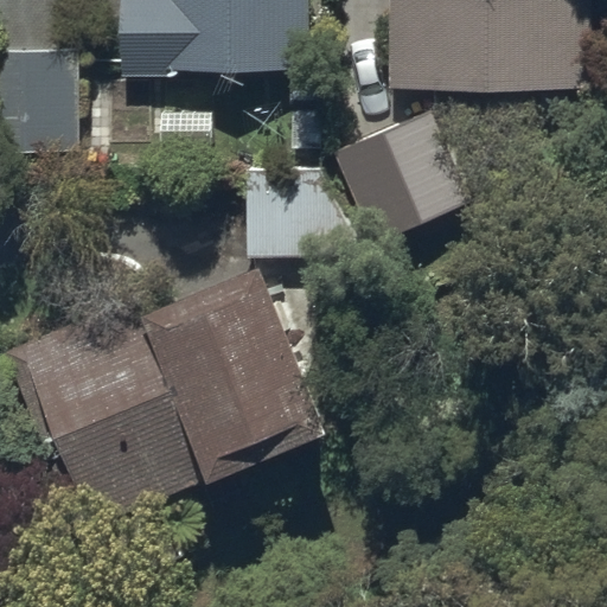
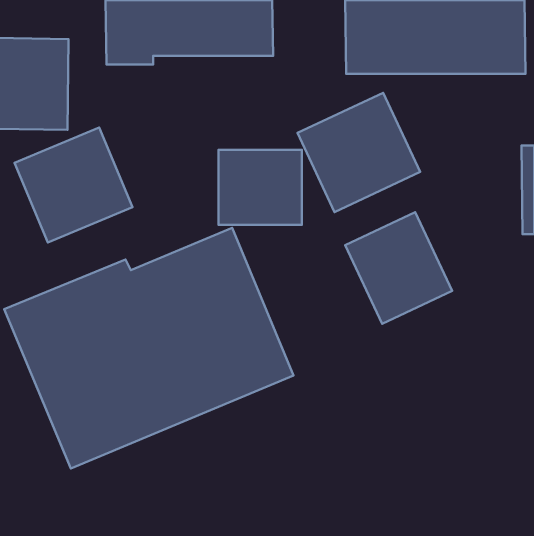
building: none -> [14,128,132,242]
building: none -> [345,212,452,324]

